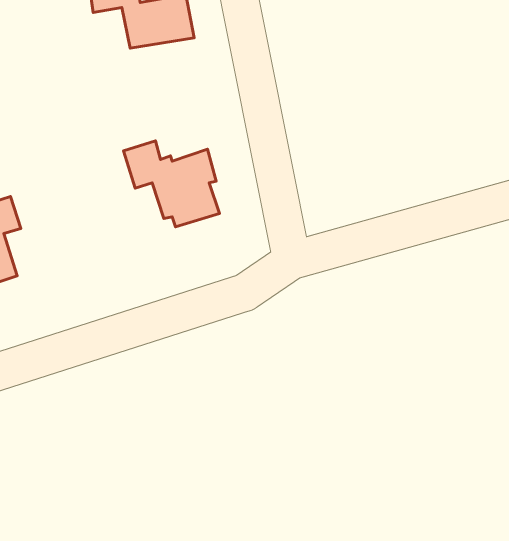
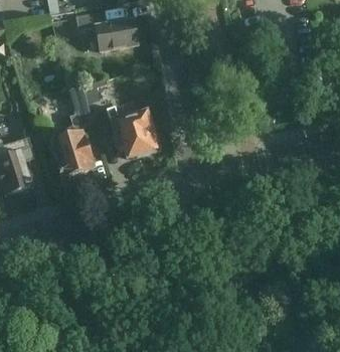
building: none -> [50,85,93,177]

